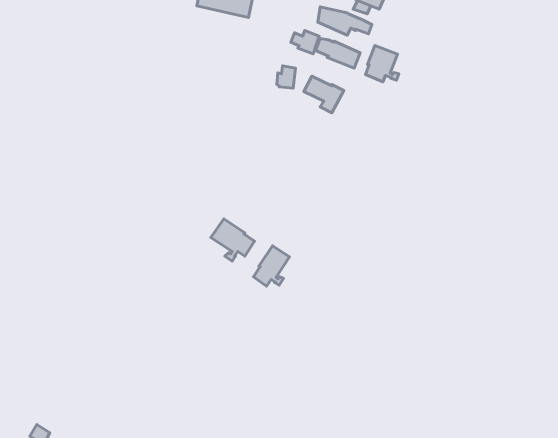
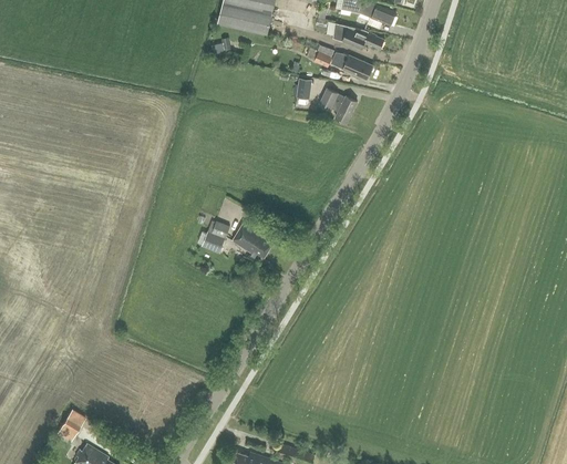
building: [365,45,399,82] -> none
building: none -> [197,221,229,254]
building: [253,246,290,286] -> none

